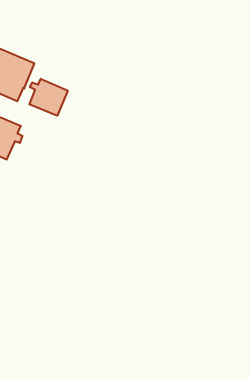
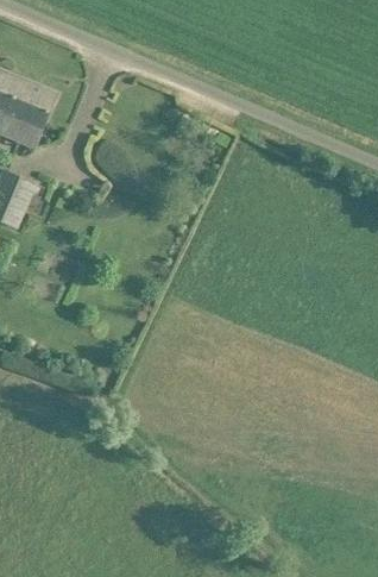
building: [29,79,68,116] -> none

